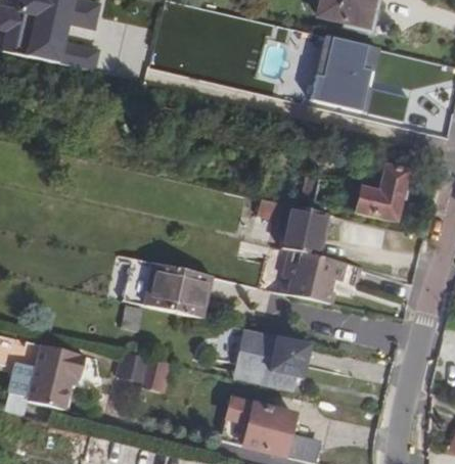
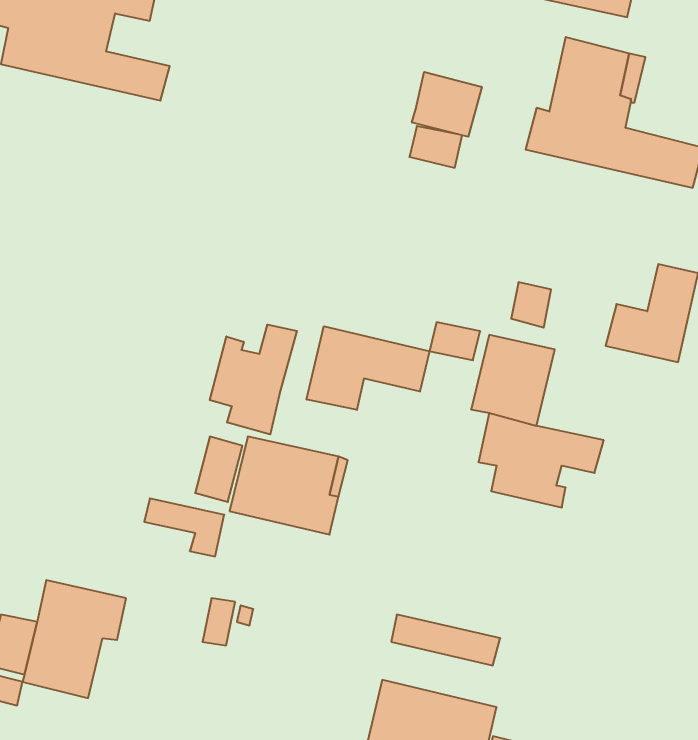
building: none -> [412,72,482,137]
building: none -> [210,325,297,434]
building: none -> [307,326,429,410]
building: [238,327,311,375] -> none

